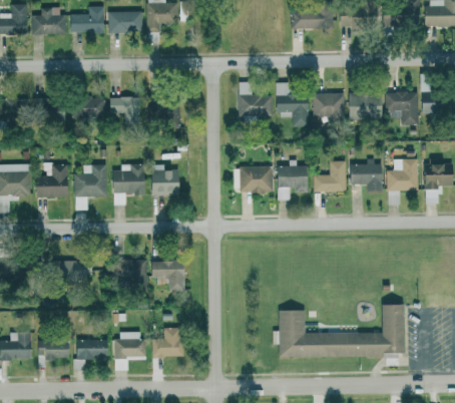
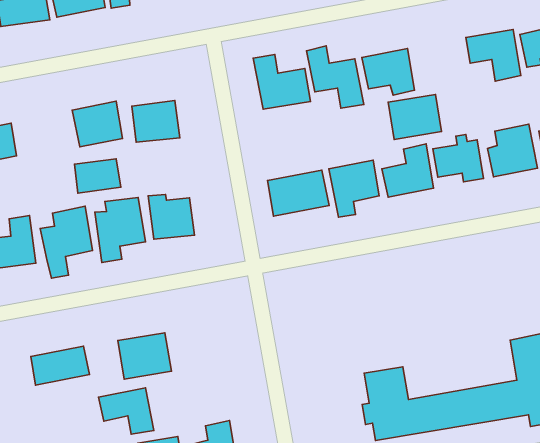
building: [348,93,381,119] -> [388,94,442,139]
building: [74,97,104,118] -> [74,159,121,193]
building: [150,261,184,291] -> [98,388,154,434]

